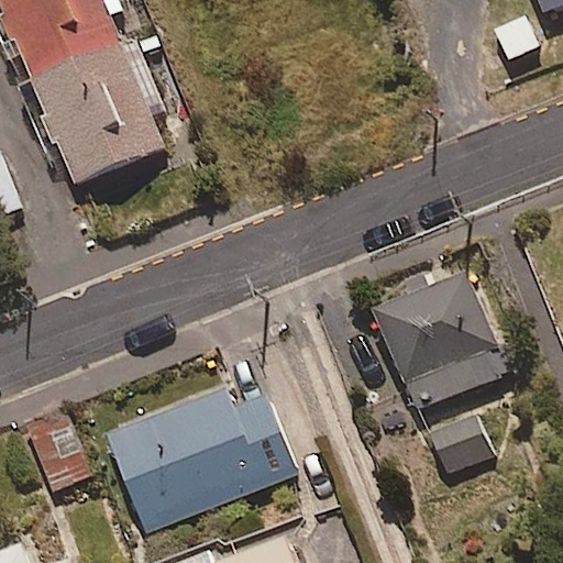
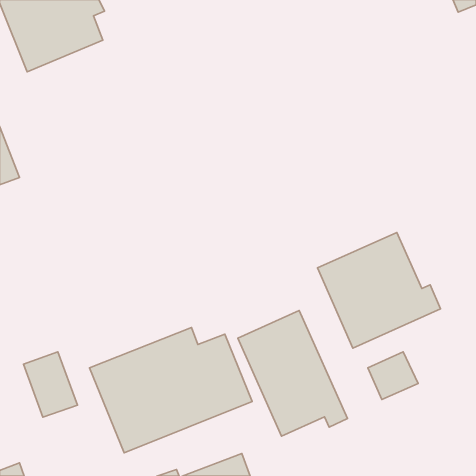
building: [32,42,164,184] -> none
building: none -> [238,310,347,436]

